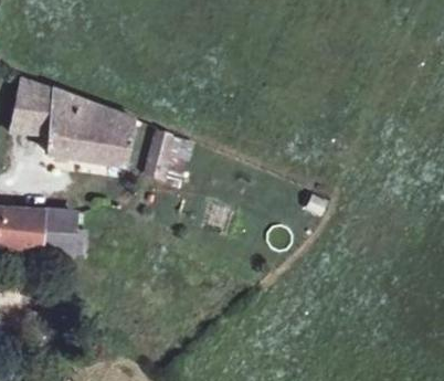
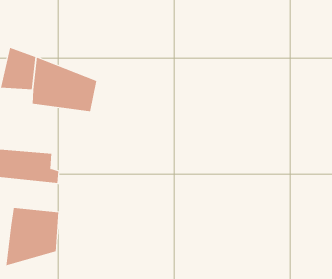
building: [145,134,176,178] -> none
building: none -> [6,207,59,266]

